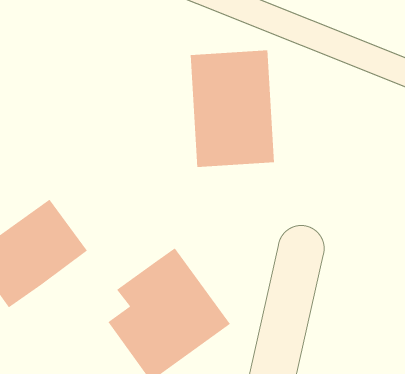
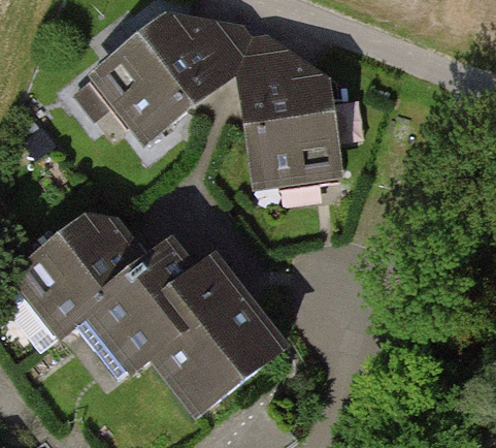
building: none -> [99,18,245,142]
building: none -> [90,243,208,366]

